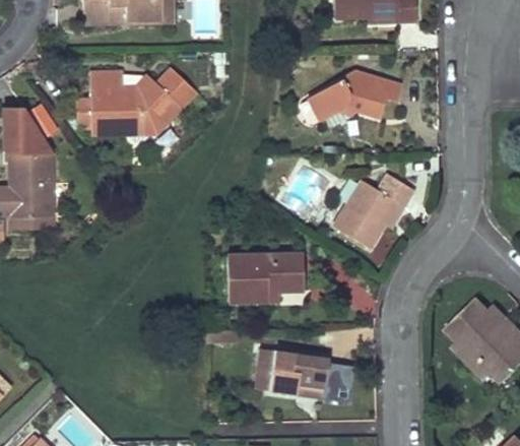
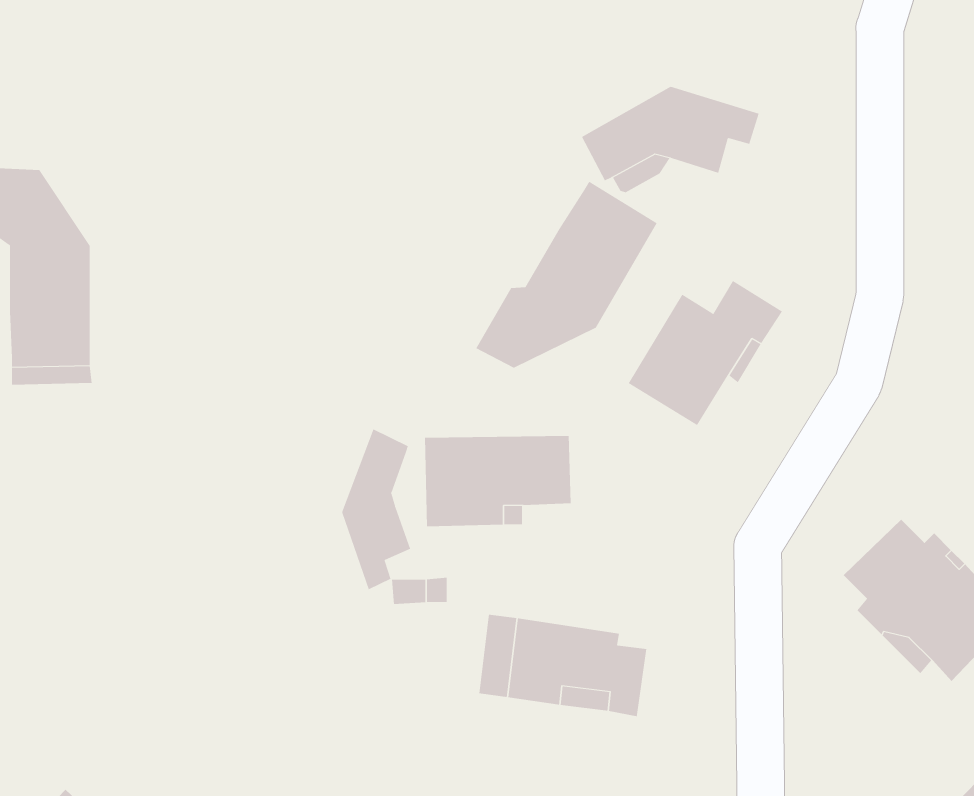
building: [76,68,196,139] -> none
building: none -> [475,181,658,369]
building: none -> [342,428,411,590]

